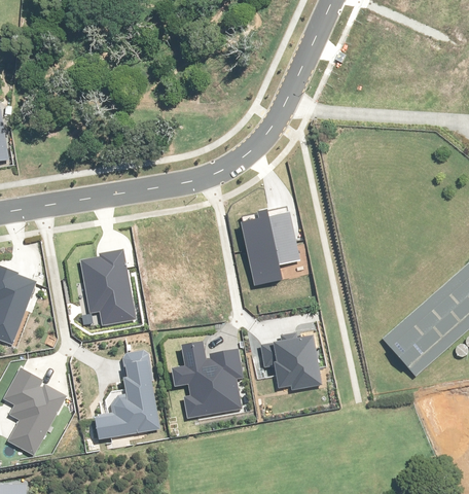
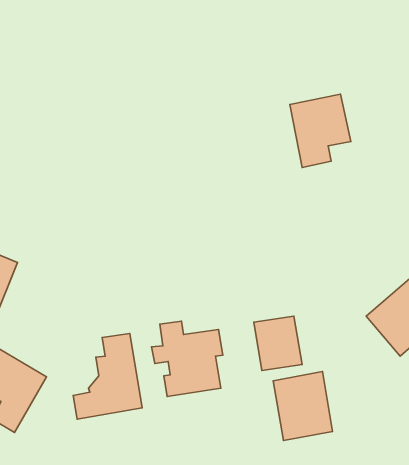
building: [239,212,299,285] -> [290,94,351,167]
building: [80,251,138,324] -> none
building: none -> [273,372,333,441]

